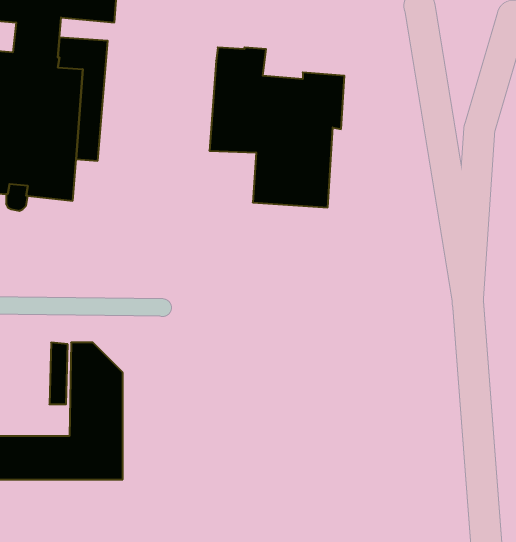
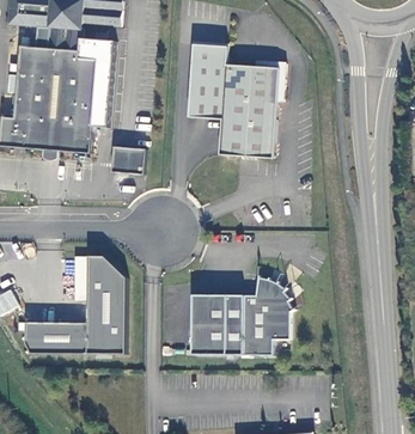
building: none -> [111,143,145,172]
building: none -> [190,275,288,353]

